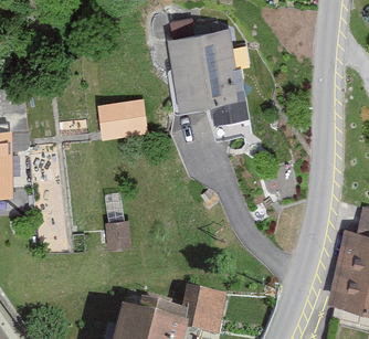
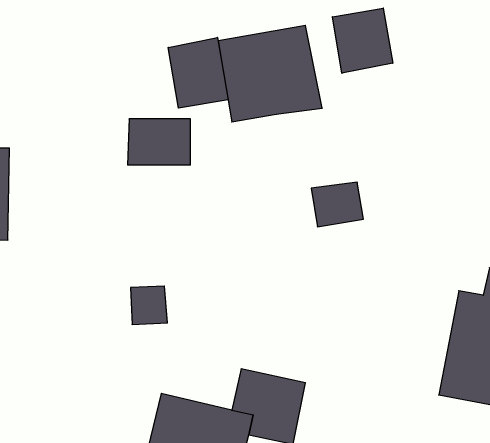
building: none -> [332,8,393,73]
building: none -> [168,37,228,108]
building: [209,93,246,125] -> [311,182,363,227]

